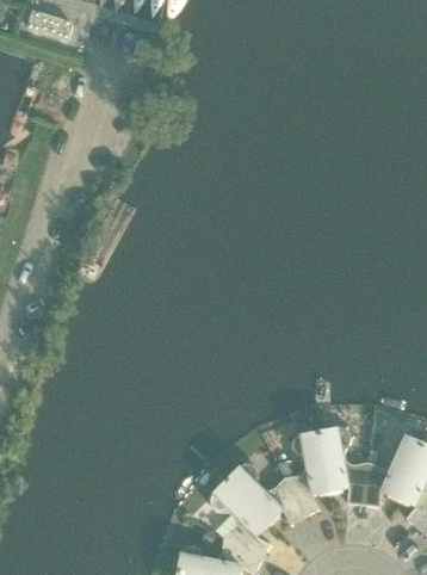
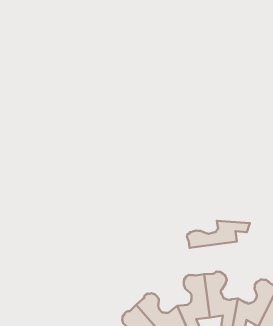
building: none -> [187,221,250,248]

